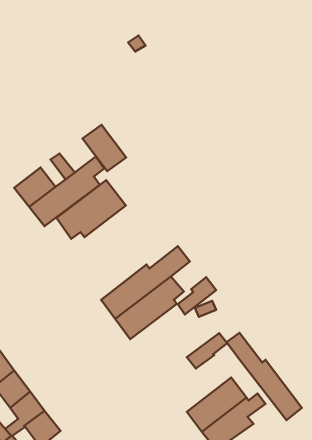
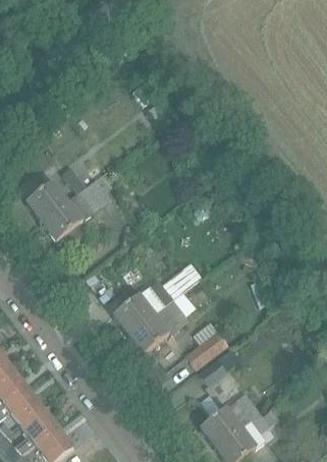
building: [83,125,126,171] -> none
building: [57,180,126,239] -> none
building: [178,277,216,314] -> [187,331,226,368]
building: [227,333,302,420] -> none

